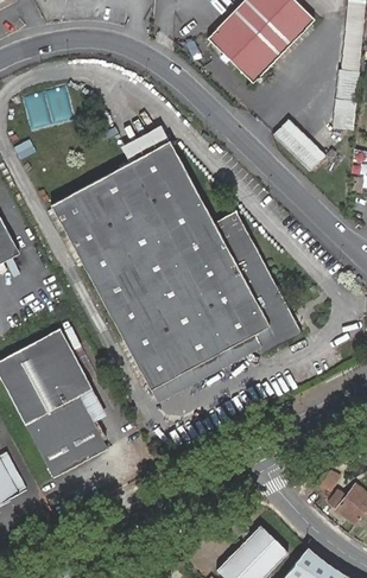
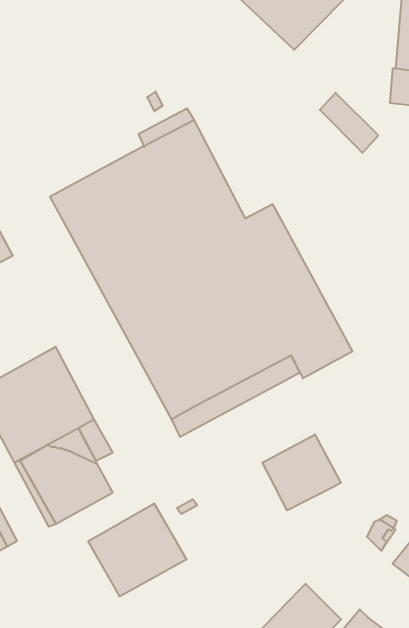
building: none -> [262,434,341,510]
building: none -> [88,503,187,596]

